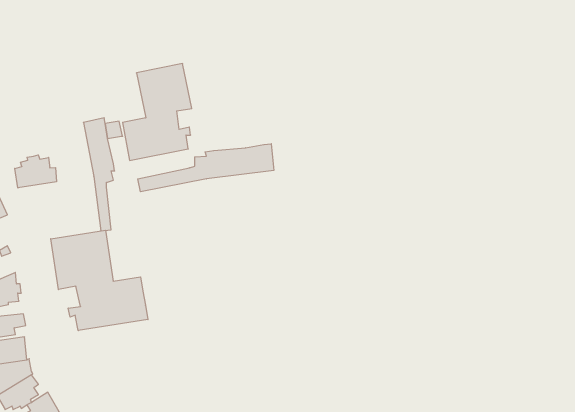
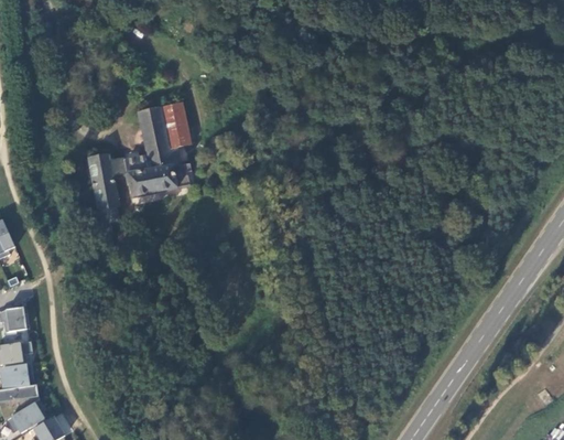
building: [138,144,274,192] -> none
building: [15,155,56,188] -> none
building: [51,230,148,331] -> none

